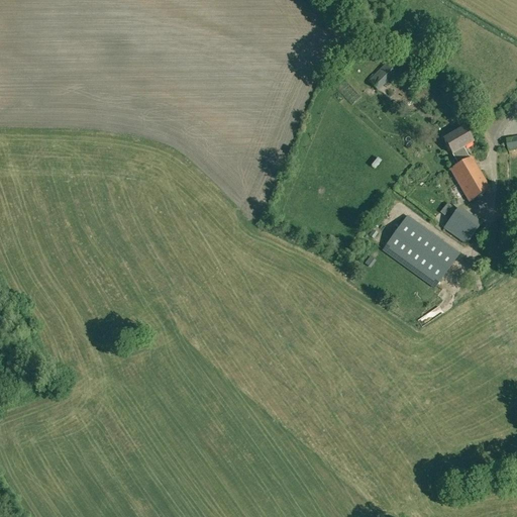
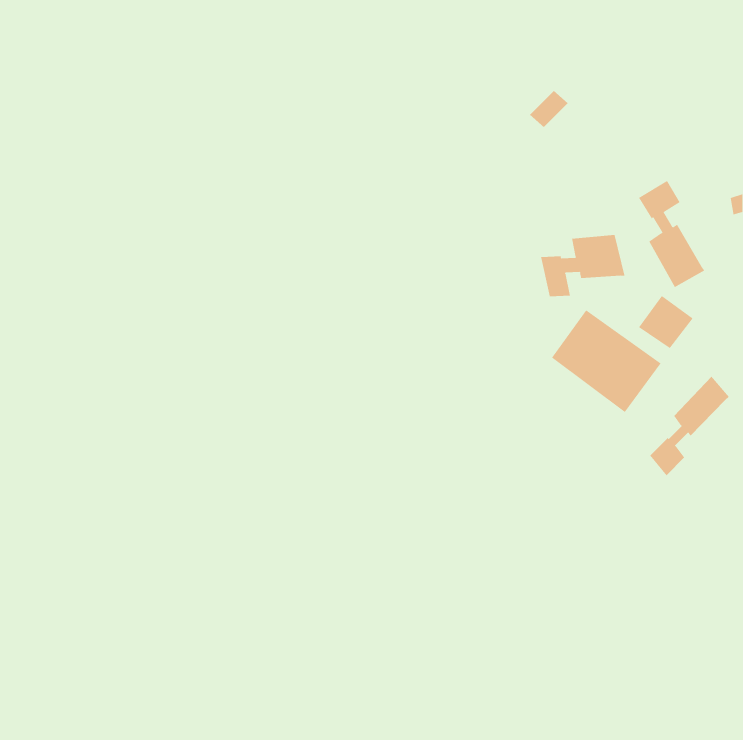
building: none -> [540,234,625,297]
building: none -> [650,376,730,476]

